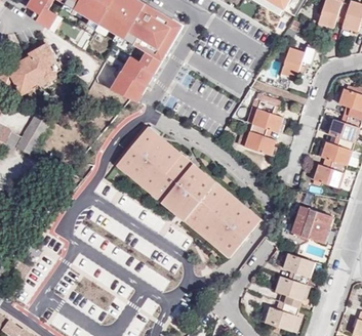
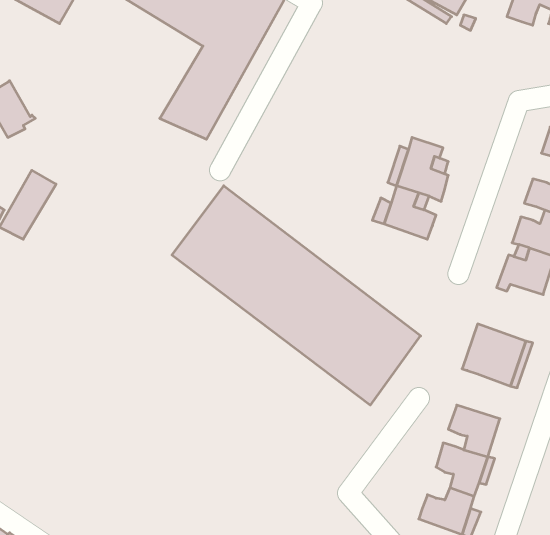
building: [22,44,61,83] -> none
building: [280,46,314,78] -> none

